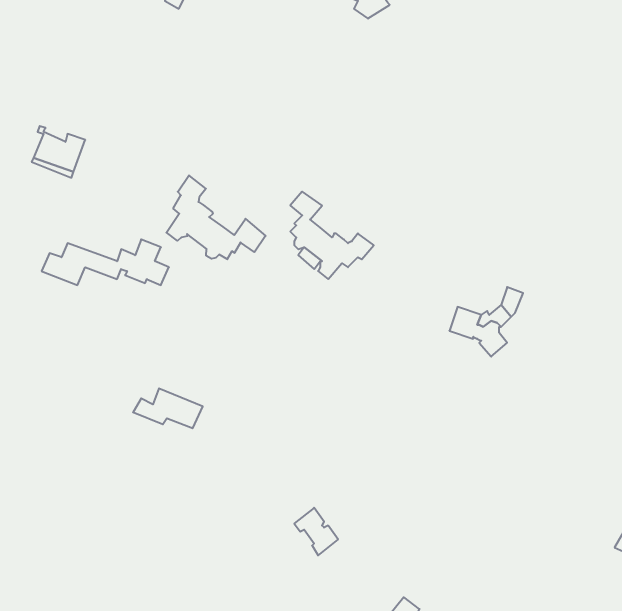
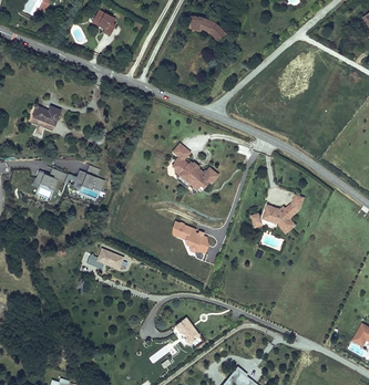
building: [166,175,266,259] -> none
building: none -> [173,222,208,254]

